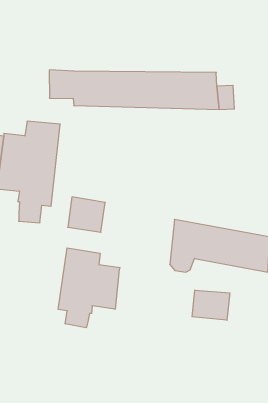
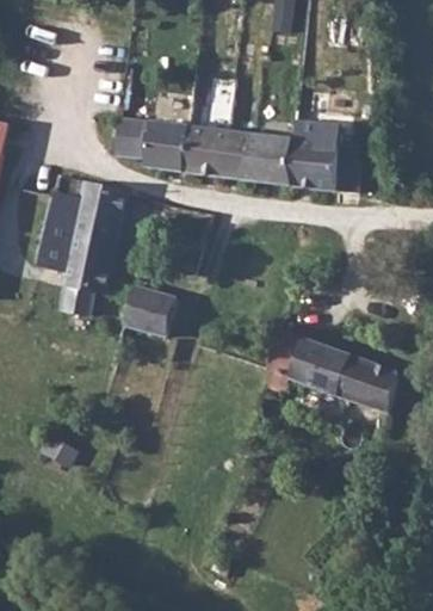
building: [58,248,120,328] -> none
building: [192,290,230,320] -> none

